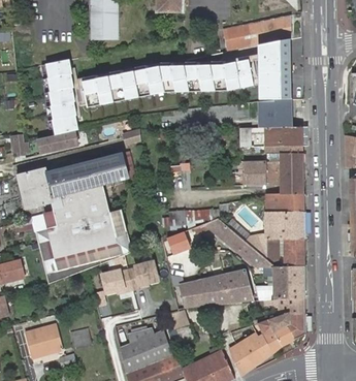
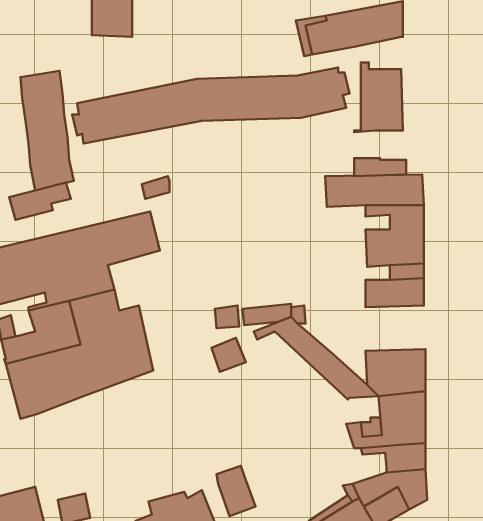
building: [80,38,288,84] -> none
building: [258,98,291,117] -> none
building: [242,161,266,185] -> none
building: [245,210,303,260] -> none
building: [101,261,159,299] -> none
building: [172,272,252,311] -> none

